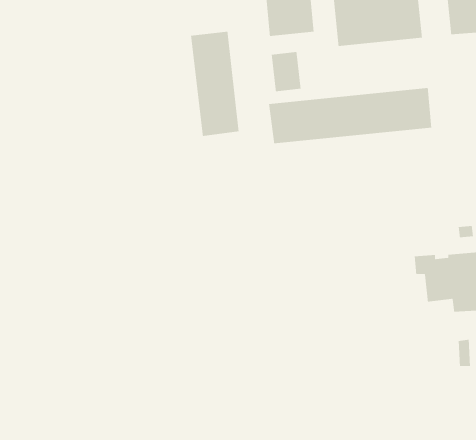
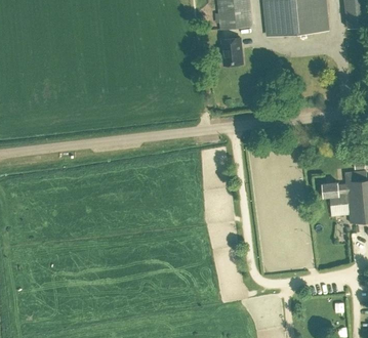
building: [190,31,240,137] -> none
building: [268,87,432,144] -> none

